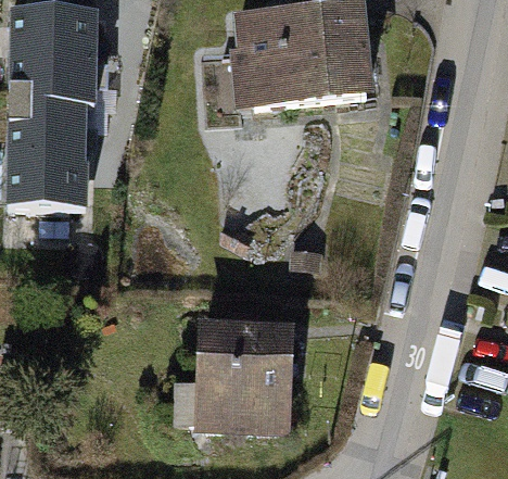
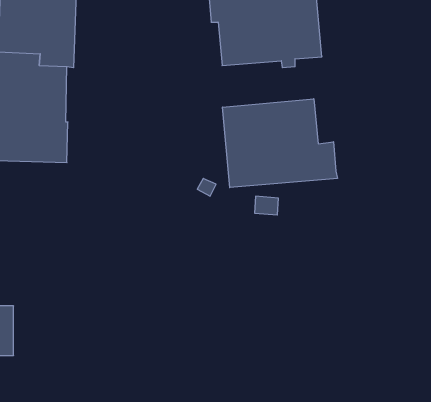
building: none -> [223,99,337,188]
building: [176,327,289,426] -> none

